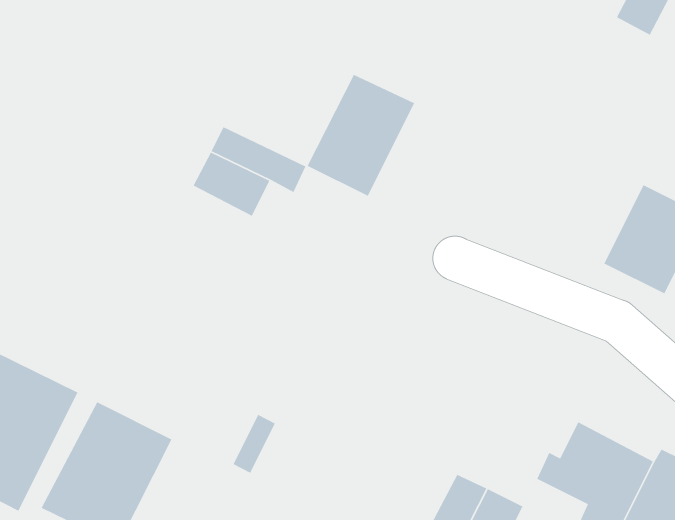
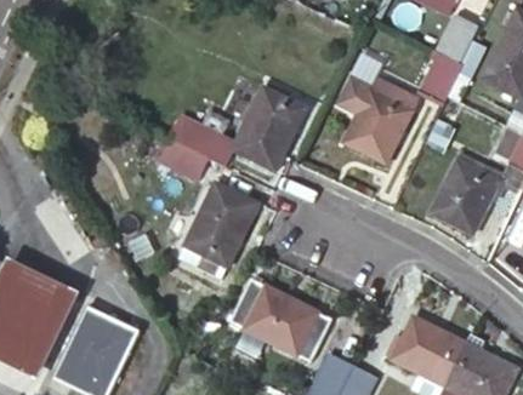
building: none -> [420,52,464,104]
building: none -> [342,76,419,161]
building: none -> [176,182,256,277]
building: none -> [232,275,317,349]

